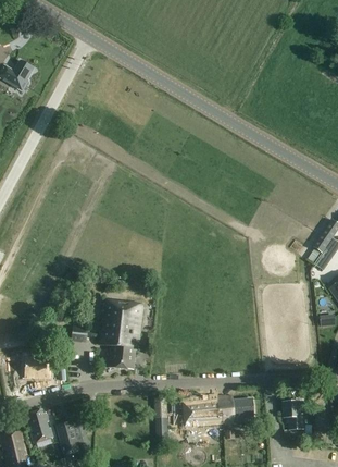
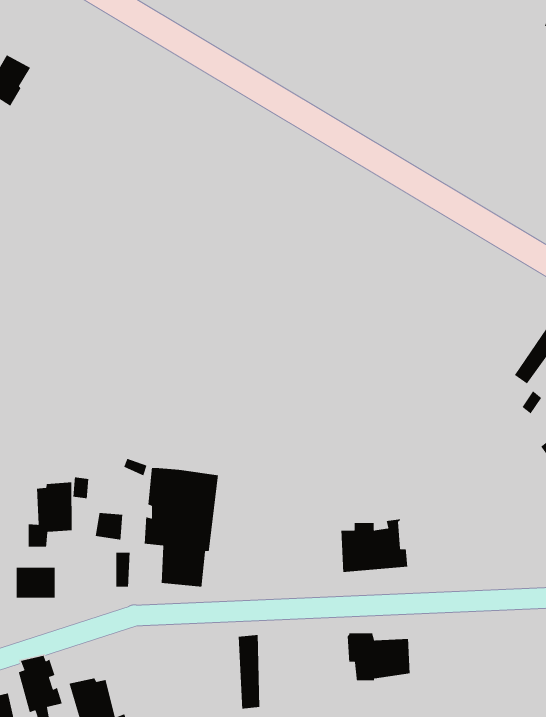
building: none -> [28,481,72,547]
building: [184,396,223,428] -> [341,518,408,573]
building: [283,401,304,430] -> none

